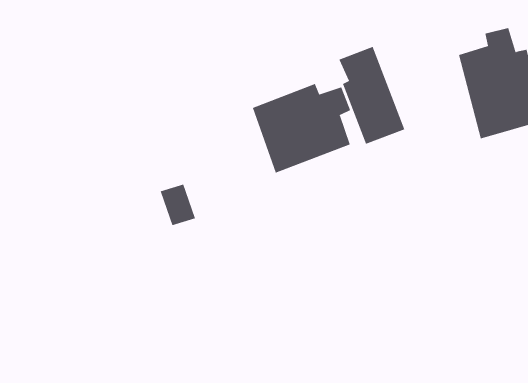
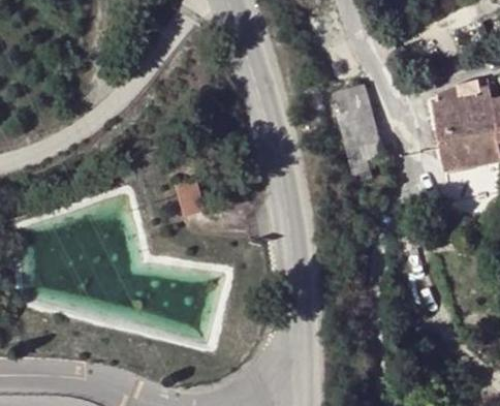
building: [252,83,351,174] -> none

